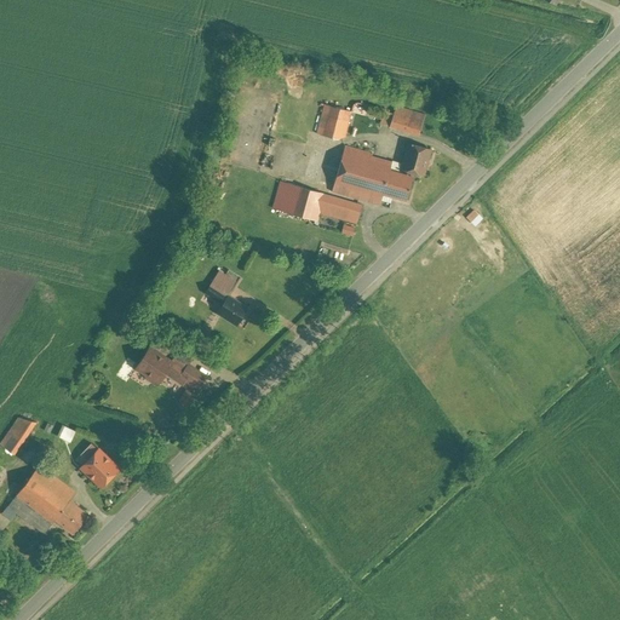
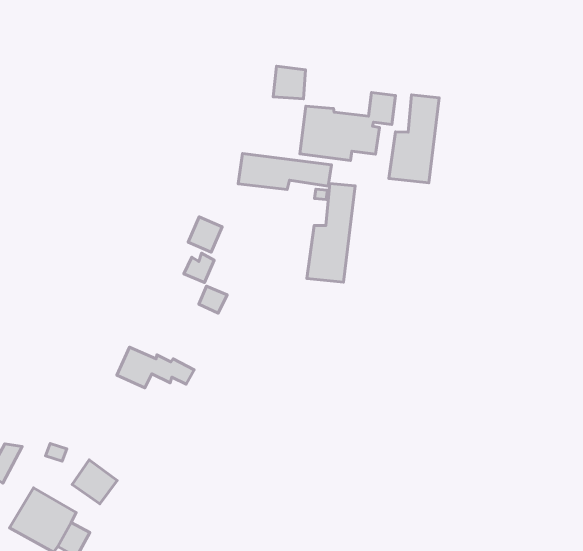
building: [380,107,425,136] -> none
building: none -> [389,95,439,183]
building: none -> [307,183,355,282]
building: none -> [188,217,222,252]

